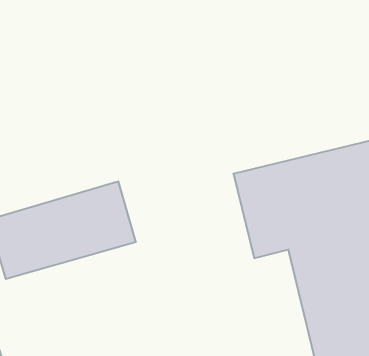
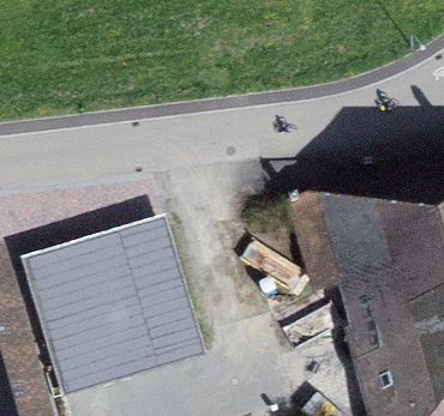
building: none -> [40,279,205,397]

